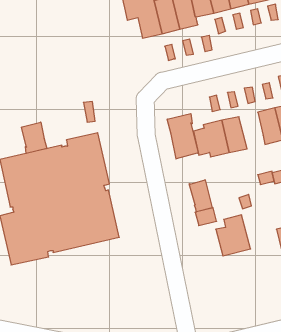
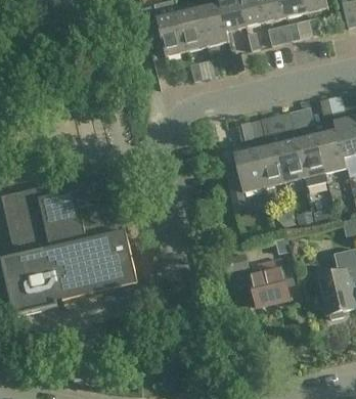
building: none -> [275,140,305,182]
building: [167,114,198,159] -> none
building: [21,122,47,153] -> none
building: [189,180,212,212] -> none

